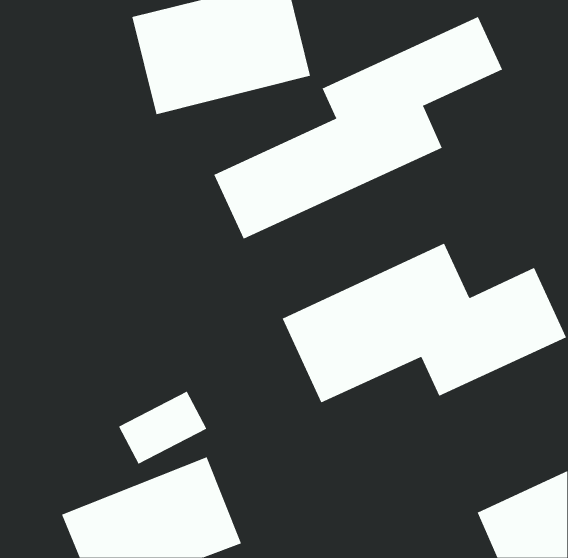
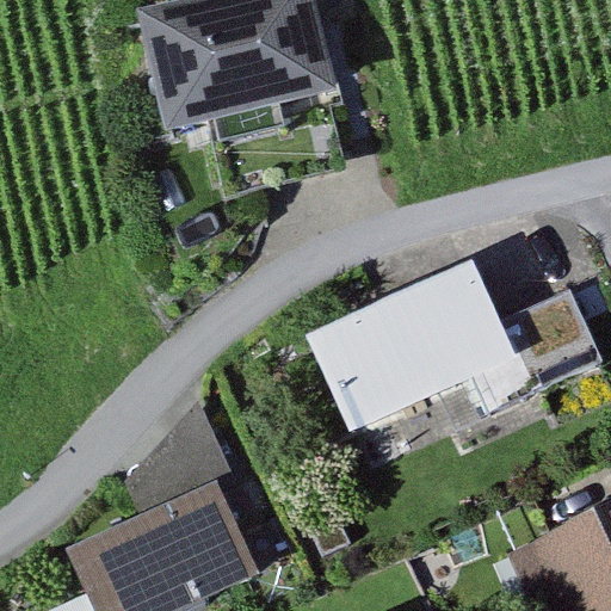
building: [214,16,503,239] -> none

